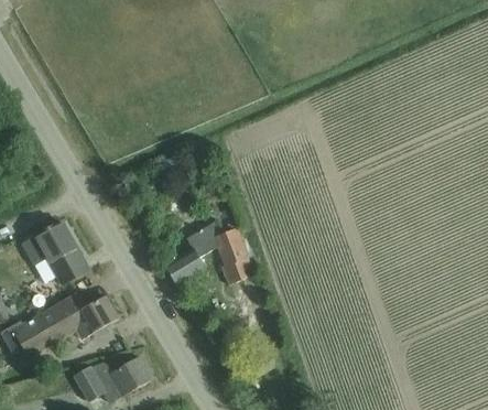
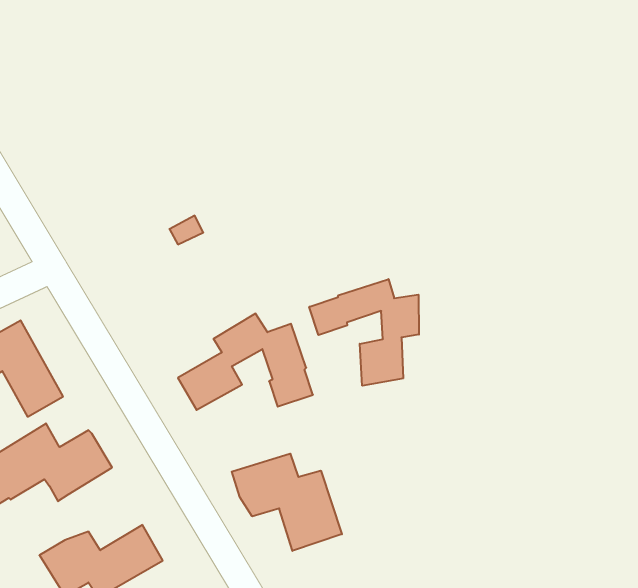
building: none -> [309,279,419,386]
building: none -> [232,454,342,551]

